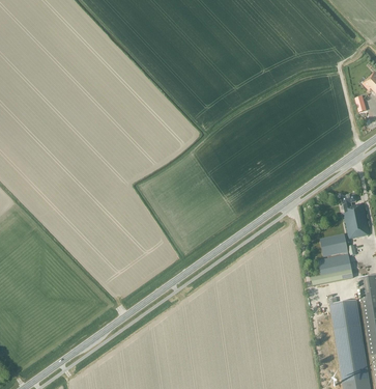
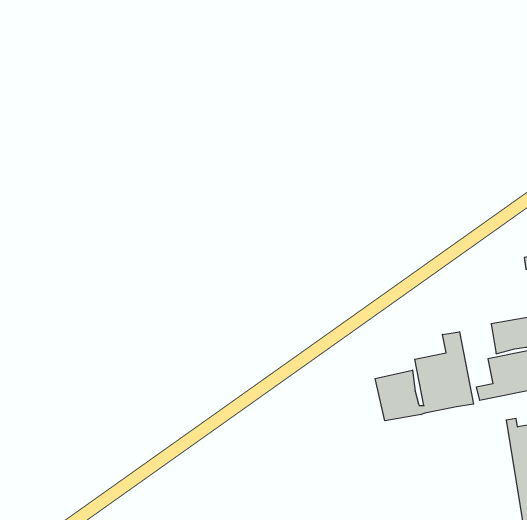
building: none -> [375,332,474,421]

